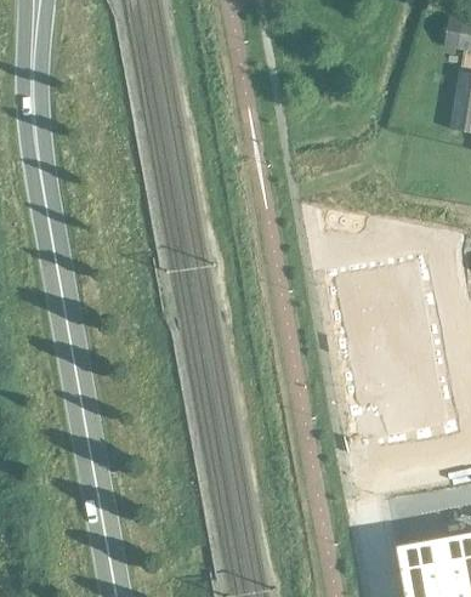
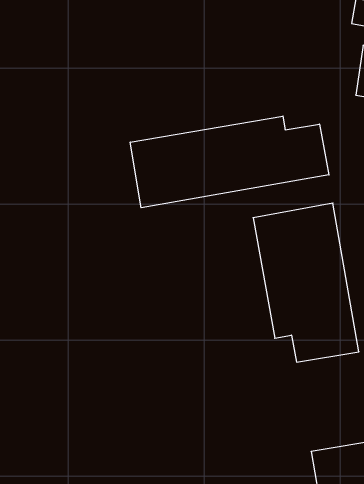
building: none -> [130,116,329,208]

